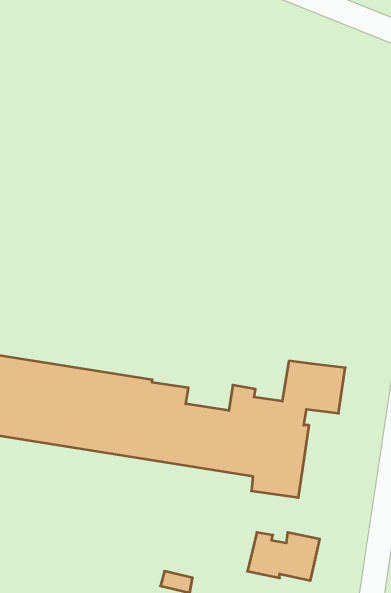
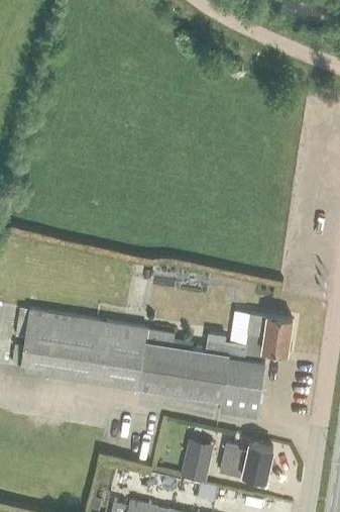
building: none -> [181,440,208,481]

